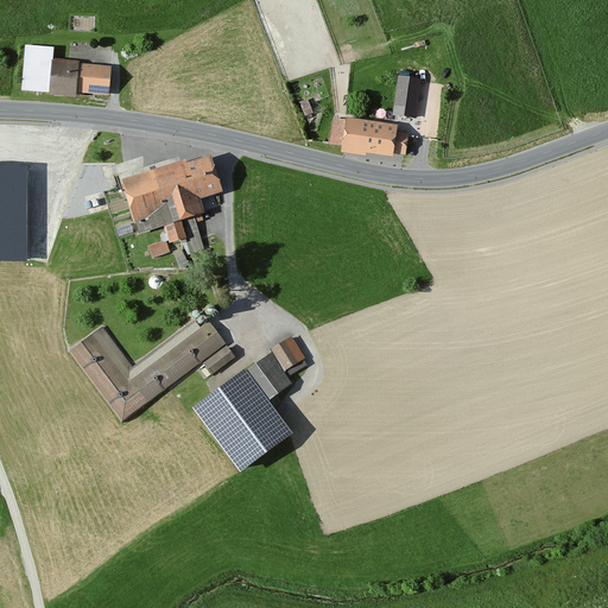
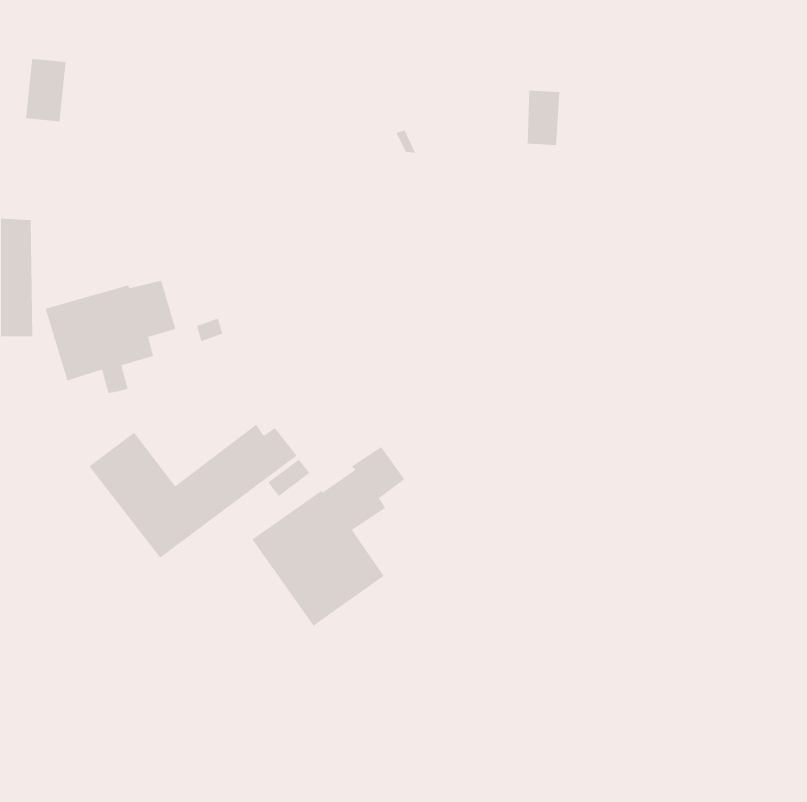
building: [48,57,109,96] -> none
building: [329,104,395,156] -> none
building: [121,156,220,241] -> [45,280,176,394]

